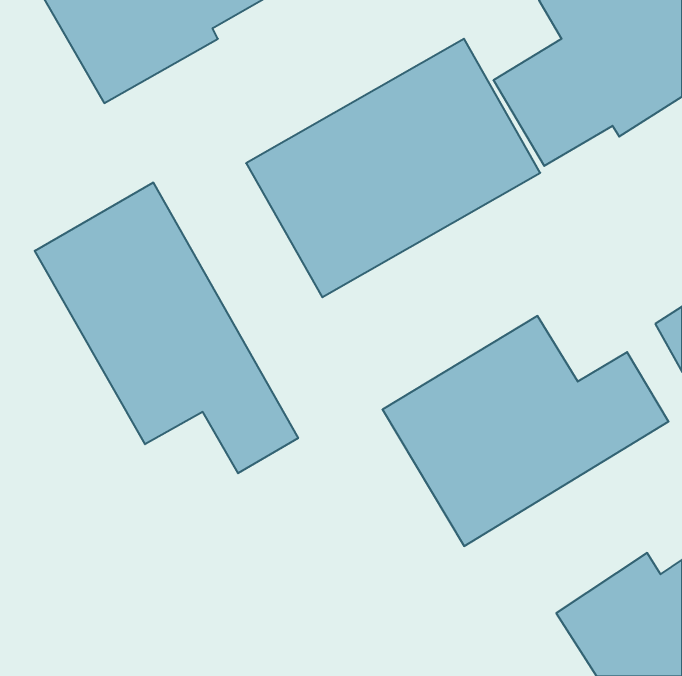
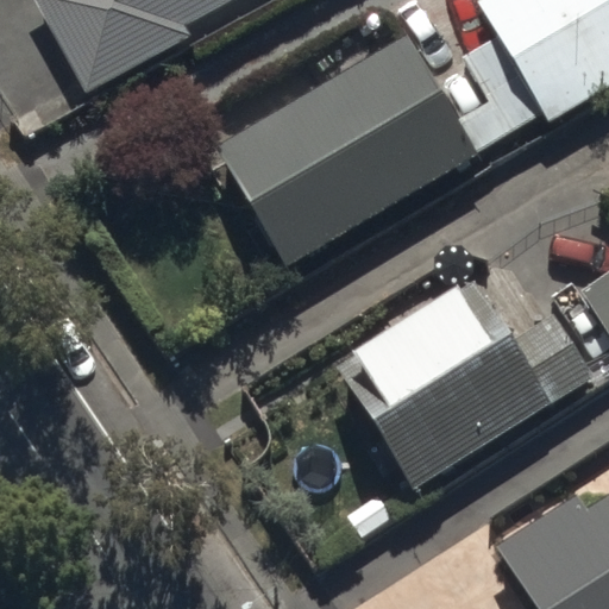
building: [35,182,298,473] -> none

